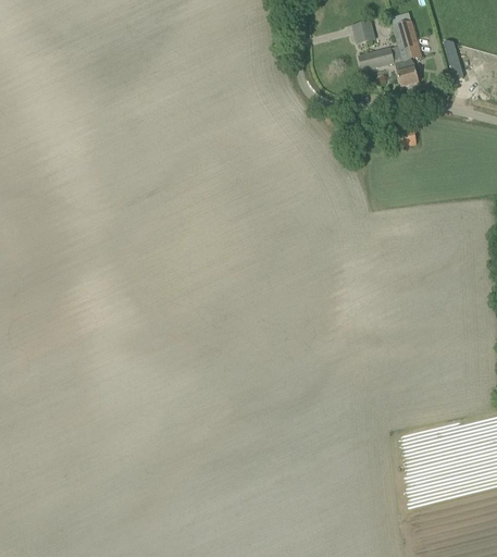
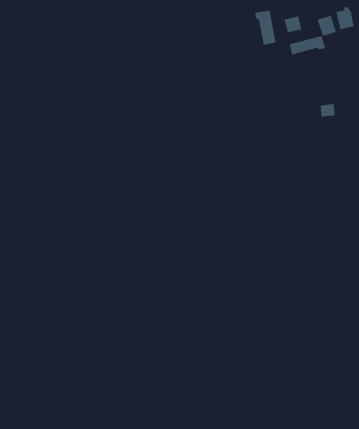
building: none -> [254,10,277,46]
building: [395,57,419,86] -> [335,6,355,30]

